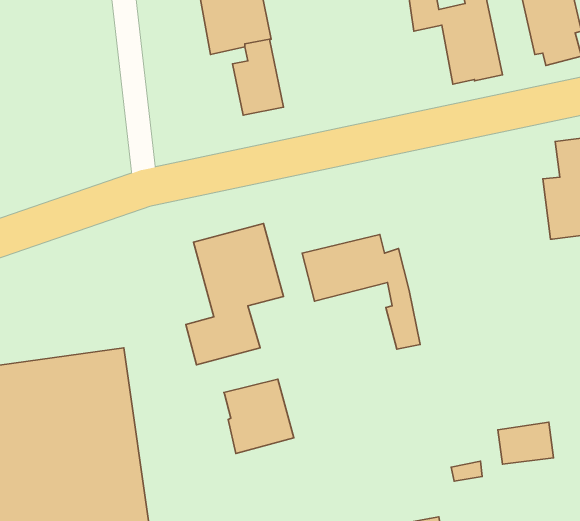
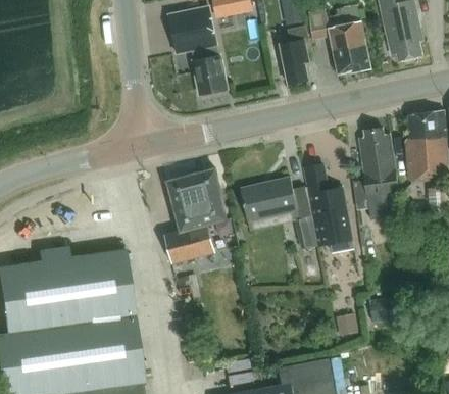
building: none -> [282,26,311,85]
building: none -> [353,128,400,221]
building: none -> [304,164,353,252]
building: [224,379,294,453] -> none

